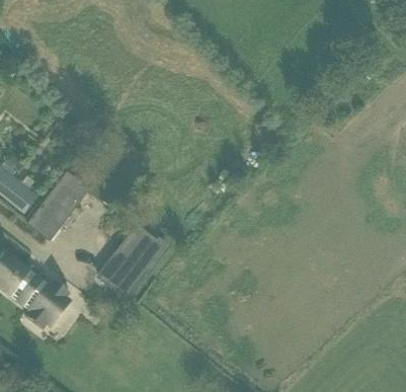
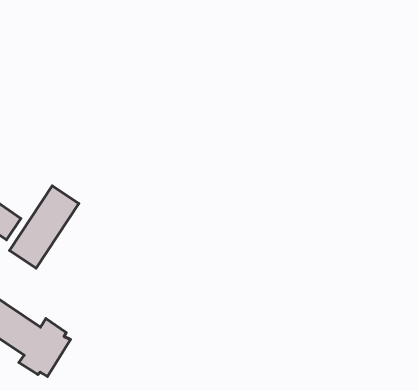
building: [98,225,168,295] -> none

